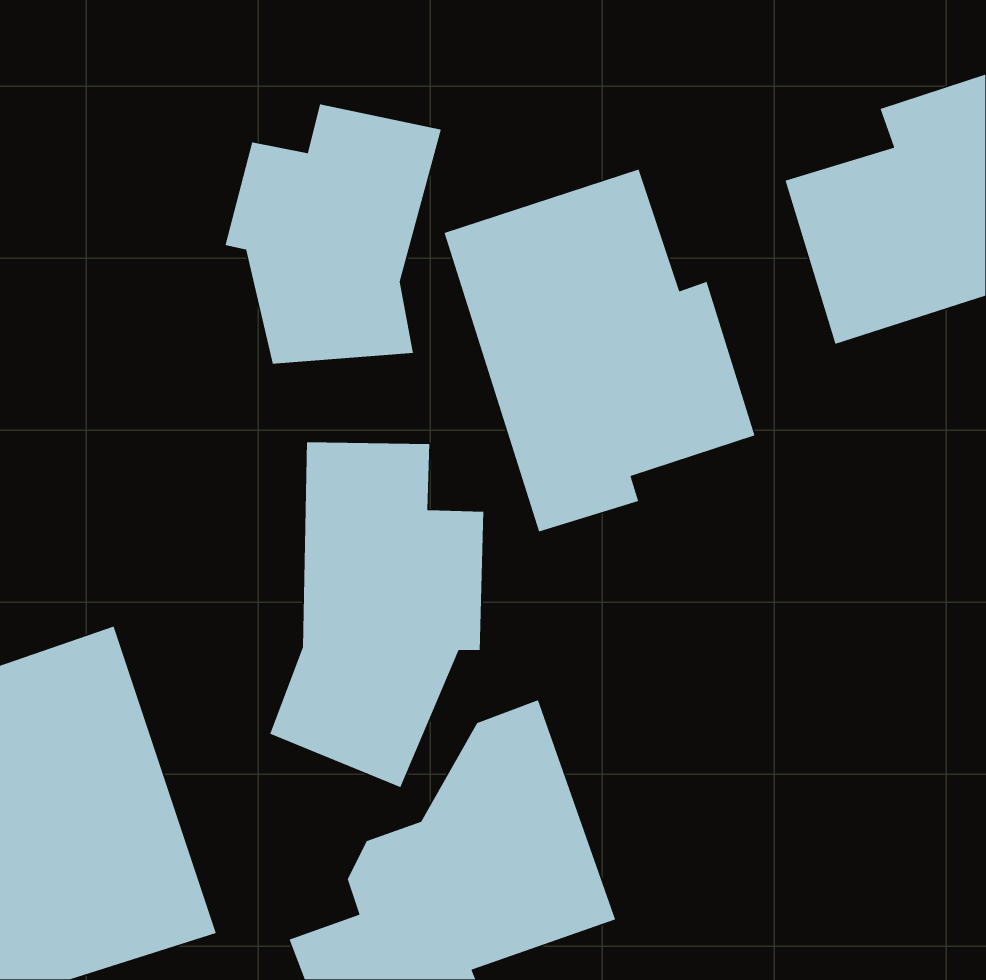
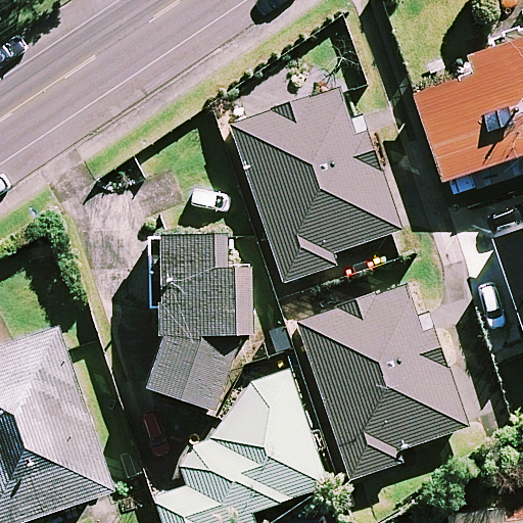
building: [225,103,442,365] -> none
building: none -> [298,284,465,477]

